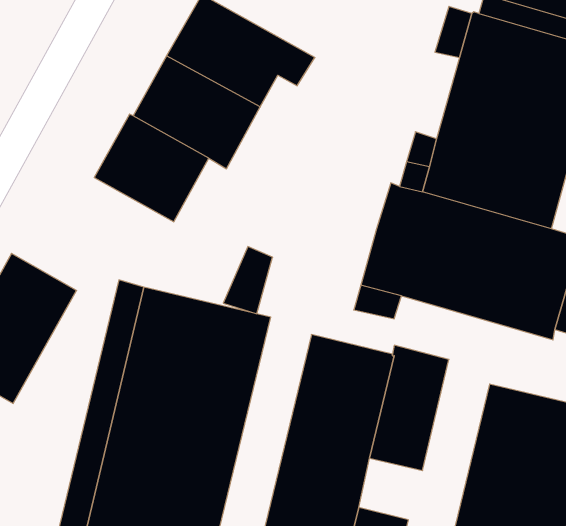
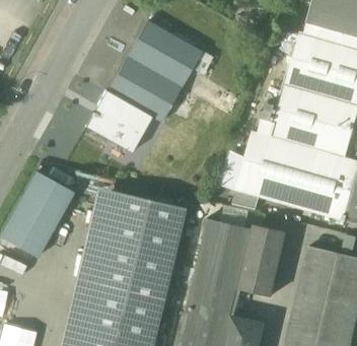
building: [223,247,273,314] -> [217,150,245,189]

